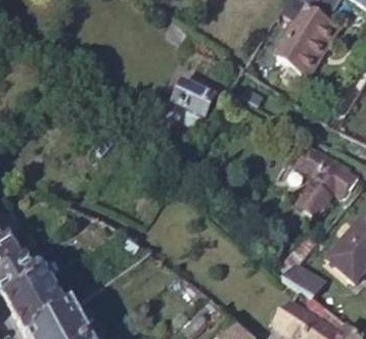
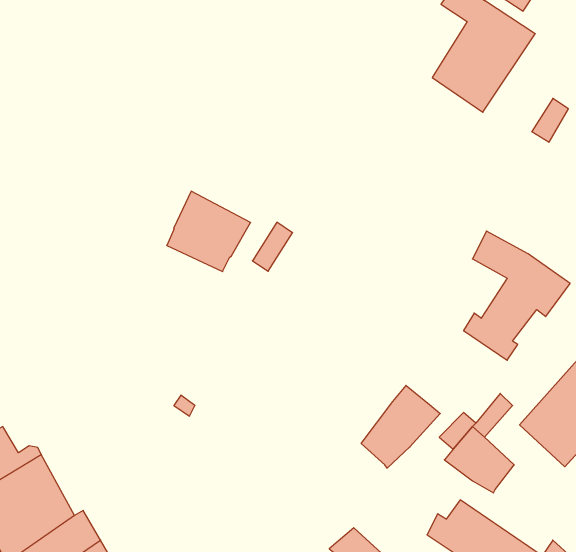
building: [170,77,219,124] -> [167,191,251,272]
building: none -> [361,385,440,468]

